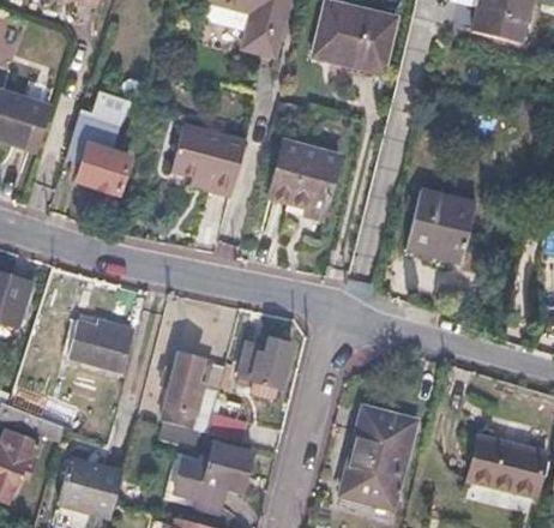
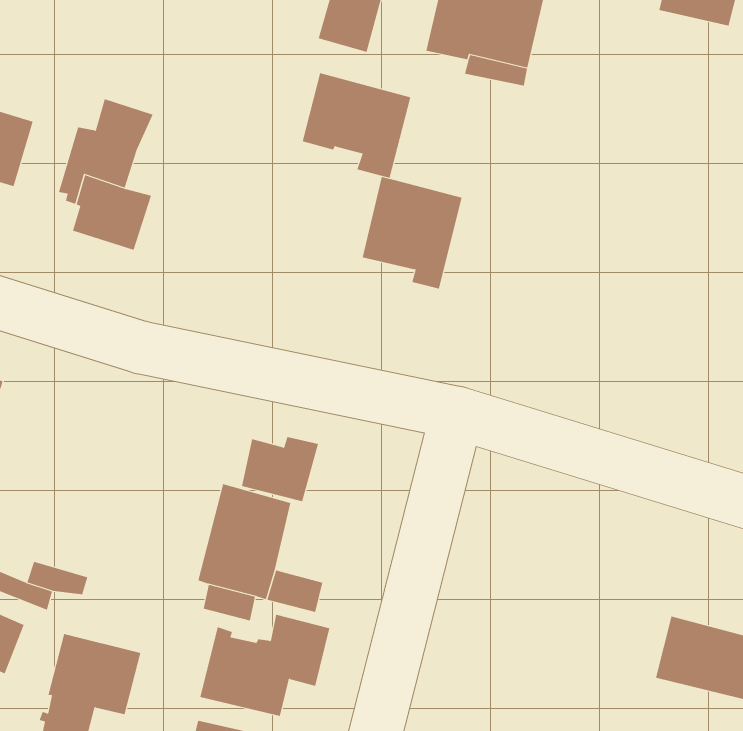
building: [171,131,246,203] -> [302,73,411,178]
building: [407,190,481,263] -> none
building: [64,318,128,372] -> none
building: [239,340,291,384] -> [241,437,319,502]
building: [343,404,409,504] -> none

